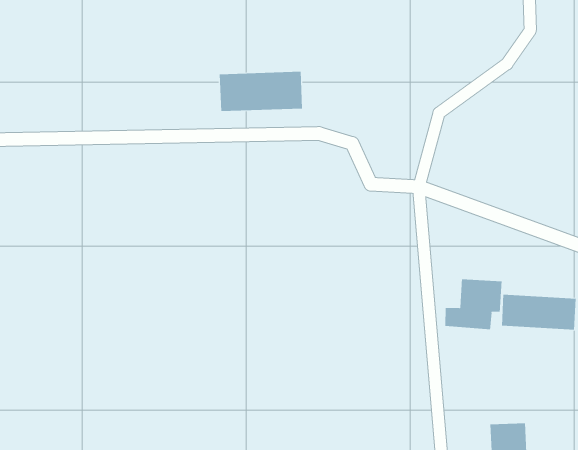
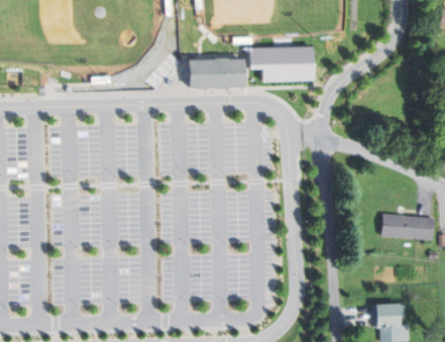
building: none -> [248,45,315,81]
building: [445,279,502,330] -> none

